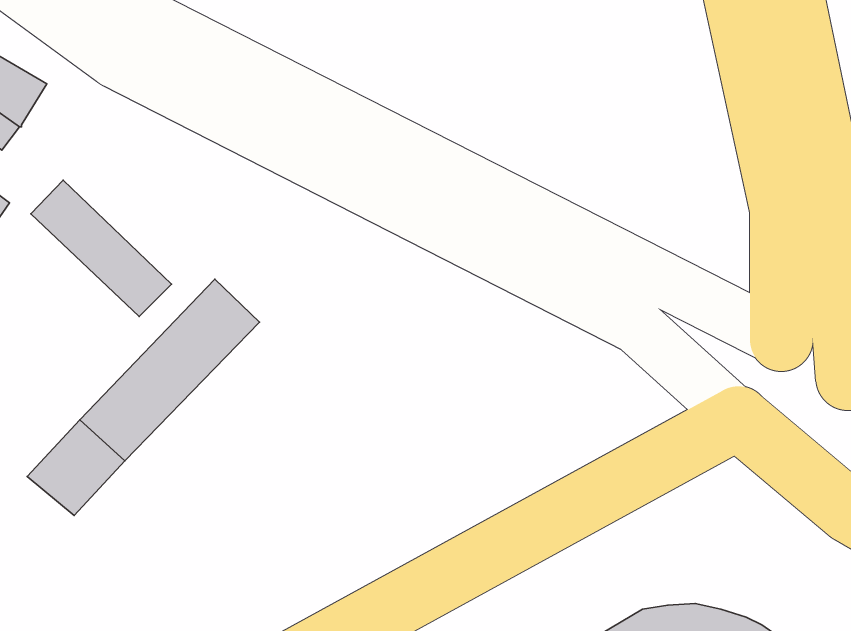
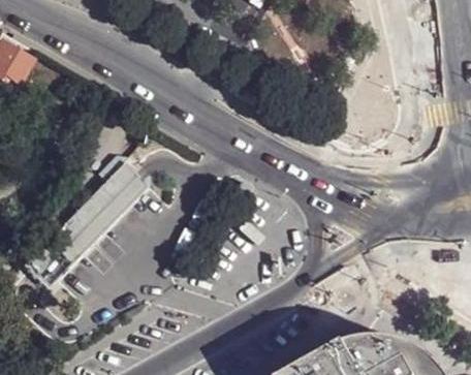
building: [31,180,172,316] -> none

